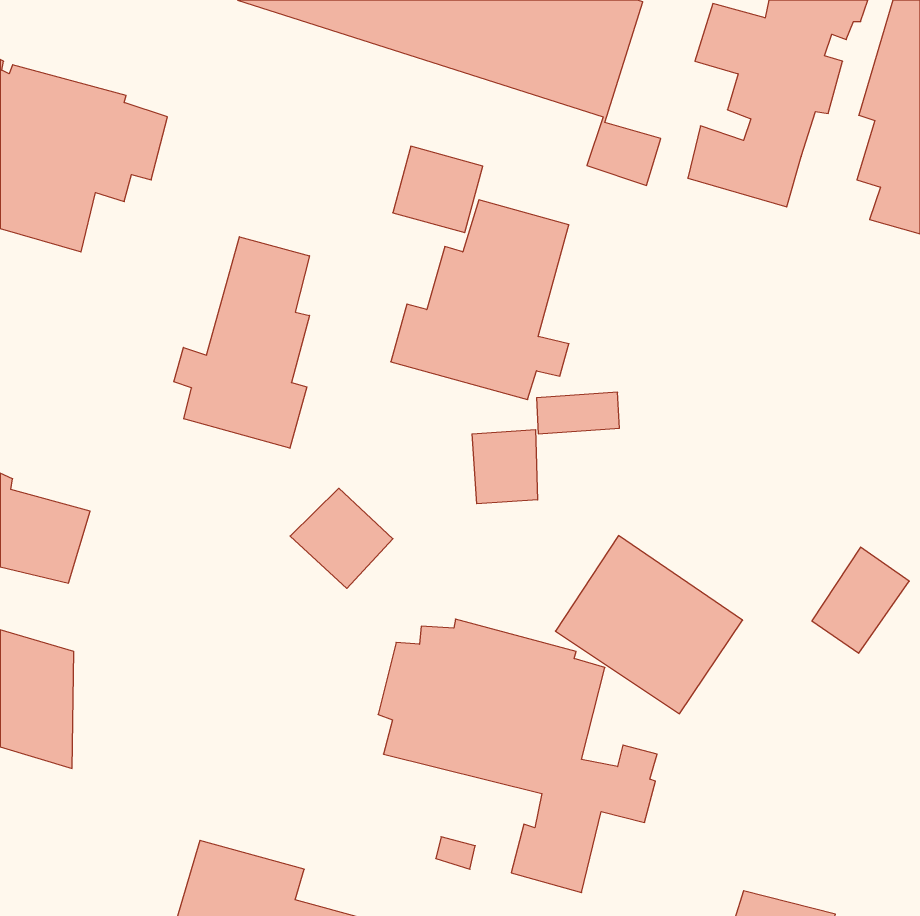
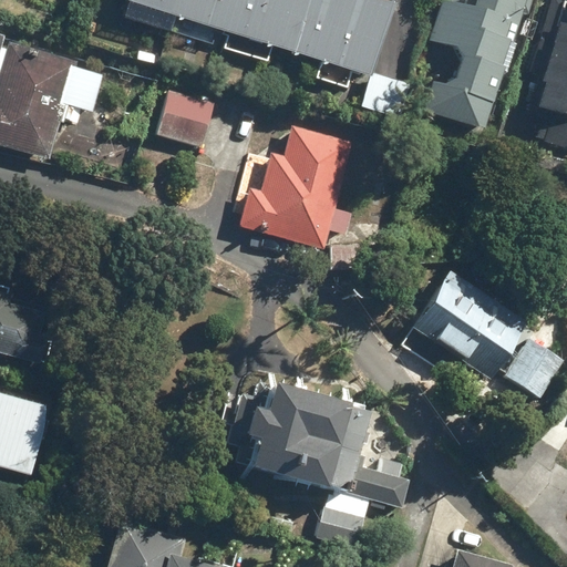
building: [393,146,483,233] -> [156,92,212,145]
building: [174,237,309,448] -> none
building: [472,430,538,504] -> none
building: [290,488,393,588] -> none
building: [555,536,743,714] -> [412,271,527,381]

